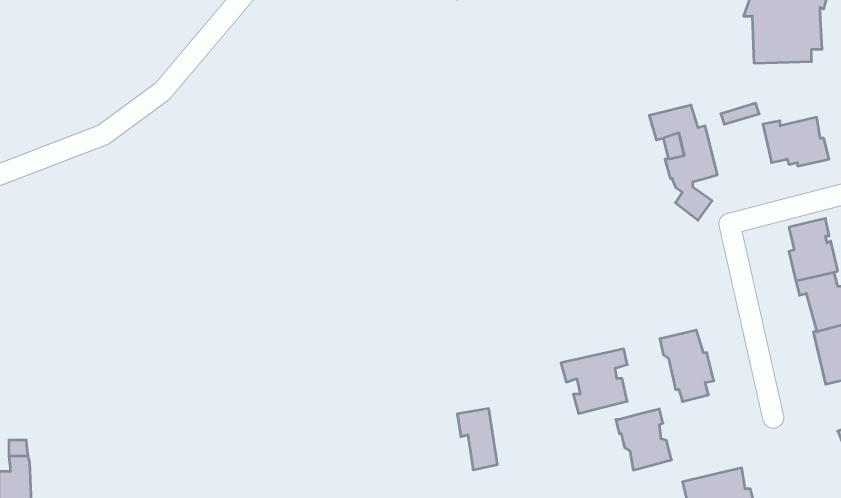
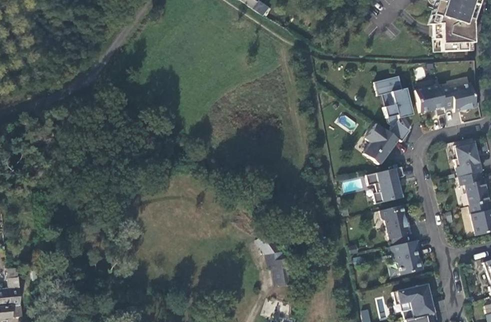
building: none -> [415,85,446,116]
building: none -> [363,123,398,164]
building: [561,349,627,413] -> [365,167,403,204]
building: [616,409,672,470] -> [391,240,423,275]

